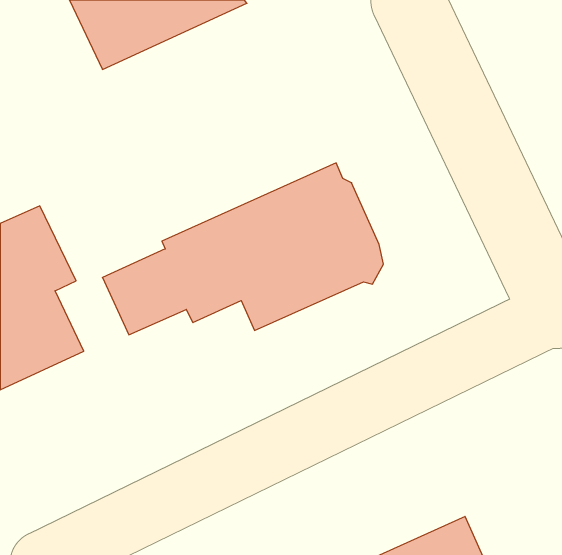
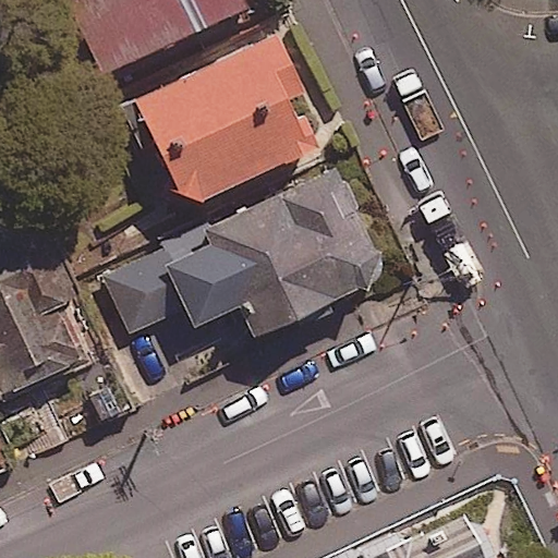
building: none -> [110,26,323,202]

